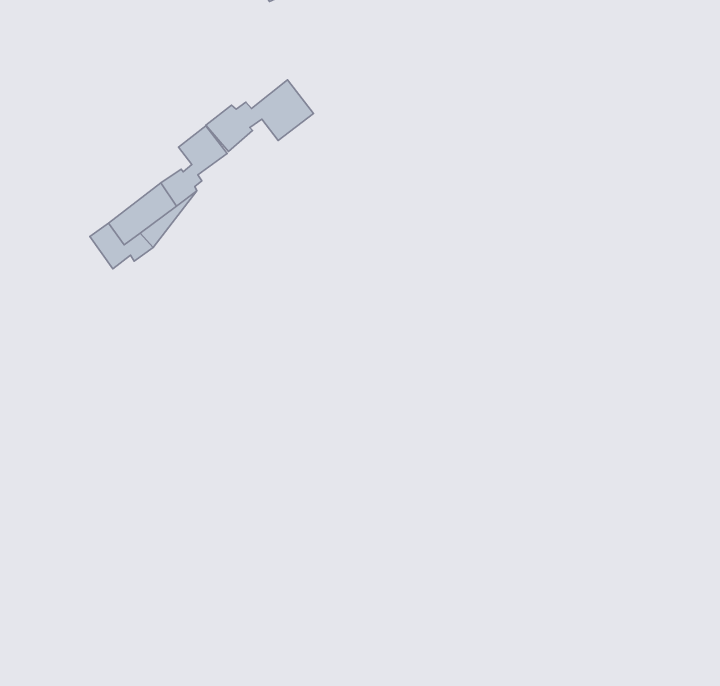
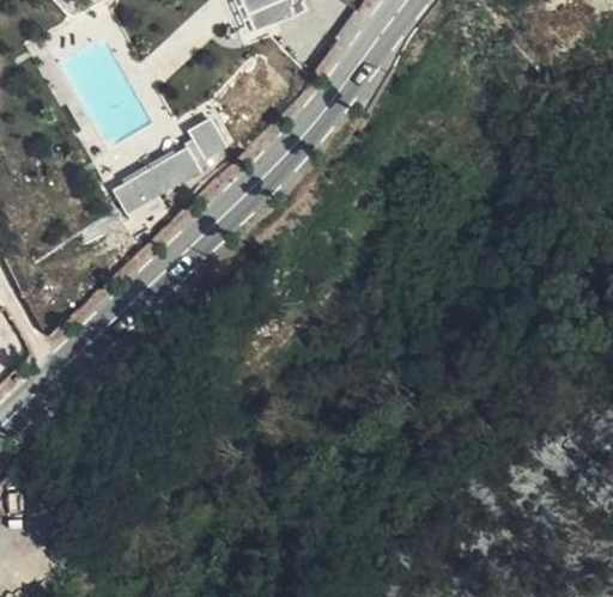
building: [206,80,314,151] -> none

